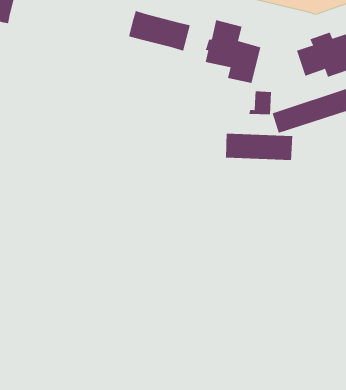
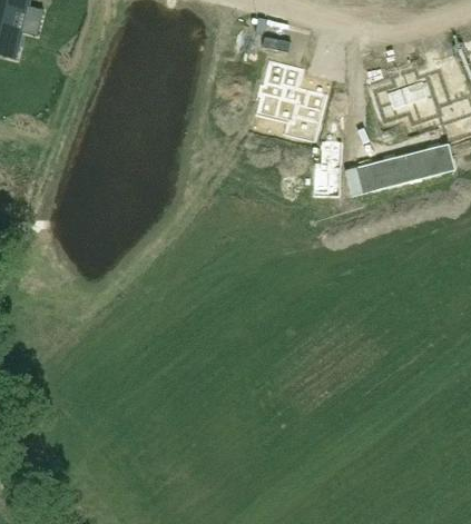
building: [128,10,190,51] -> none
building: [226,133,293,161] -> none

